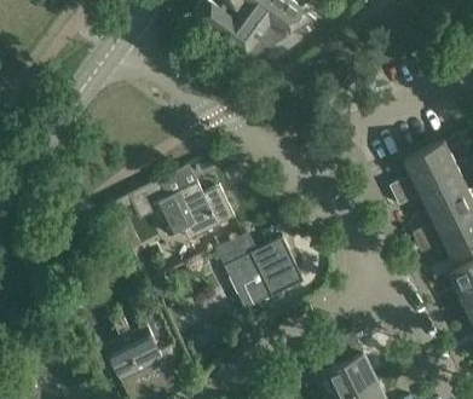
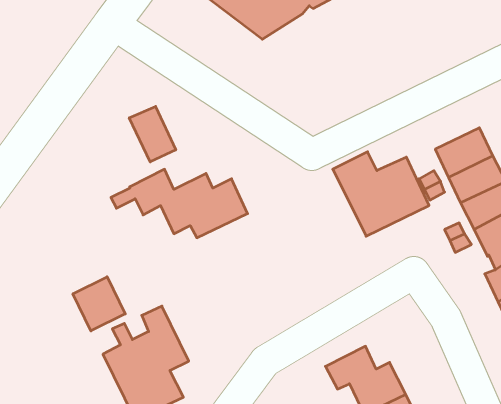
building: none -> [129,106,176,162]
building: [217,233,304,310] -> [333,152,429,236]
building: none -> [73,277,125,331]

